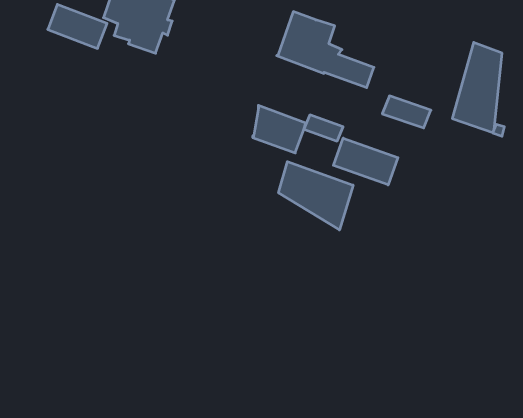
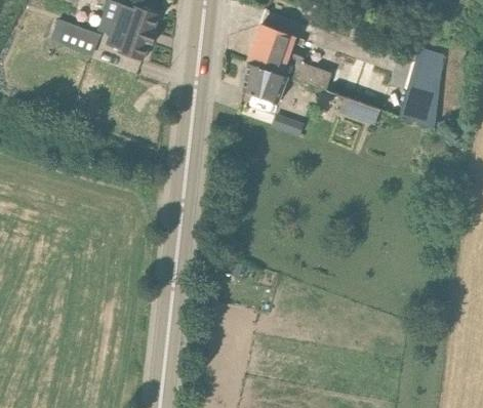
building: [253,105,306,153] -> [242,63,288,104]
building: [333,138,398,185] -> none
building: [279,162,353,230] -> none

